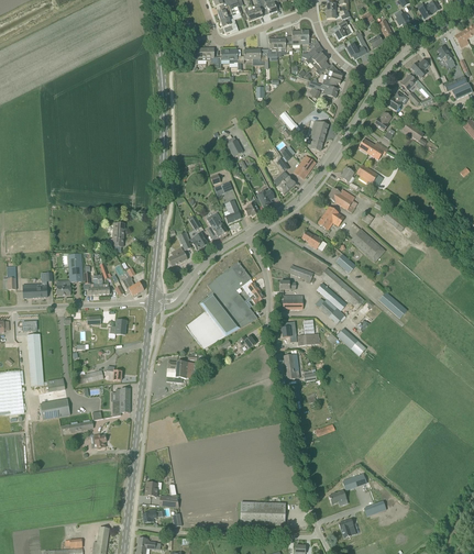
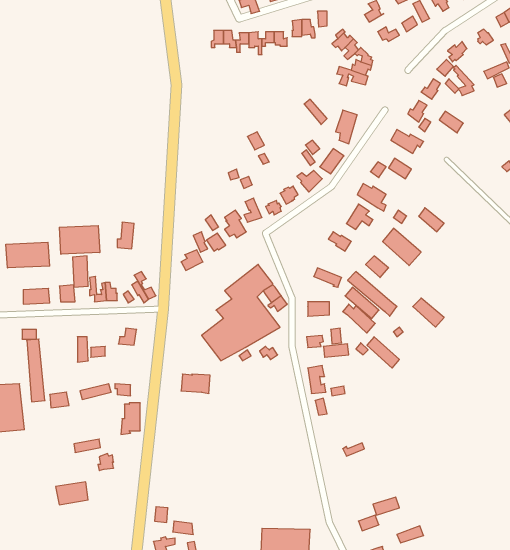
building: none -> [59,226,100,254]
building: none -> [6,242,50,268]
building: [40,398,69,419] -> [56,482,88,505]

